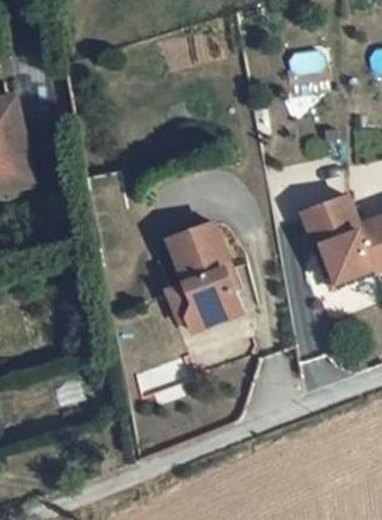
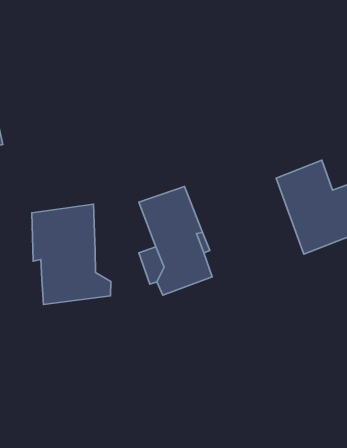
building: none -> [32,204,111,304]

